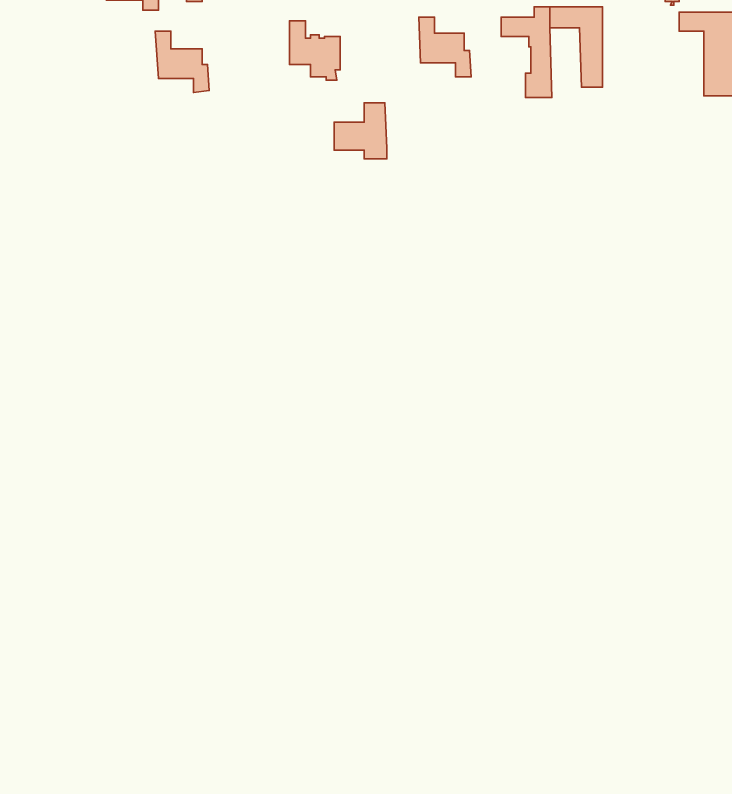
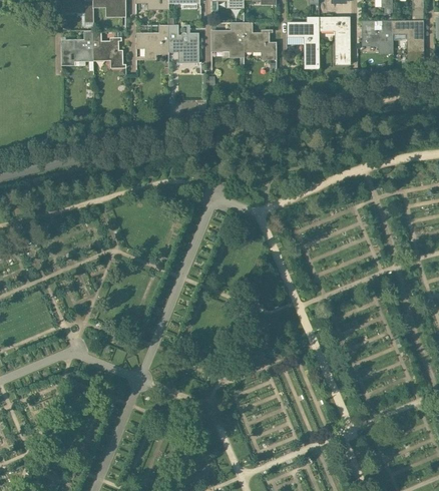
building: none -> [361,20,392,52]
building: none -> [138,25,168,57]
building: none -> [61,31,93,63]
building: [334,103,387,159] -> [213,23,244,55]

